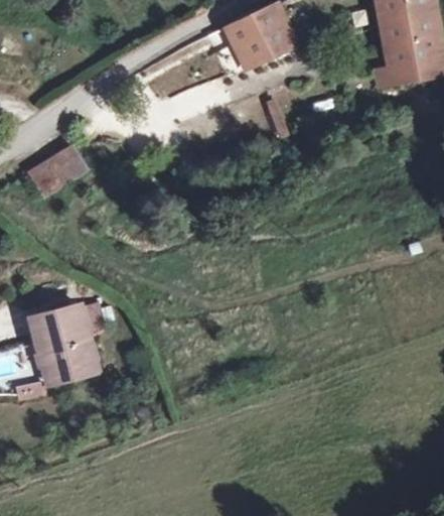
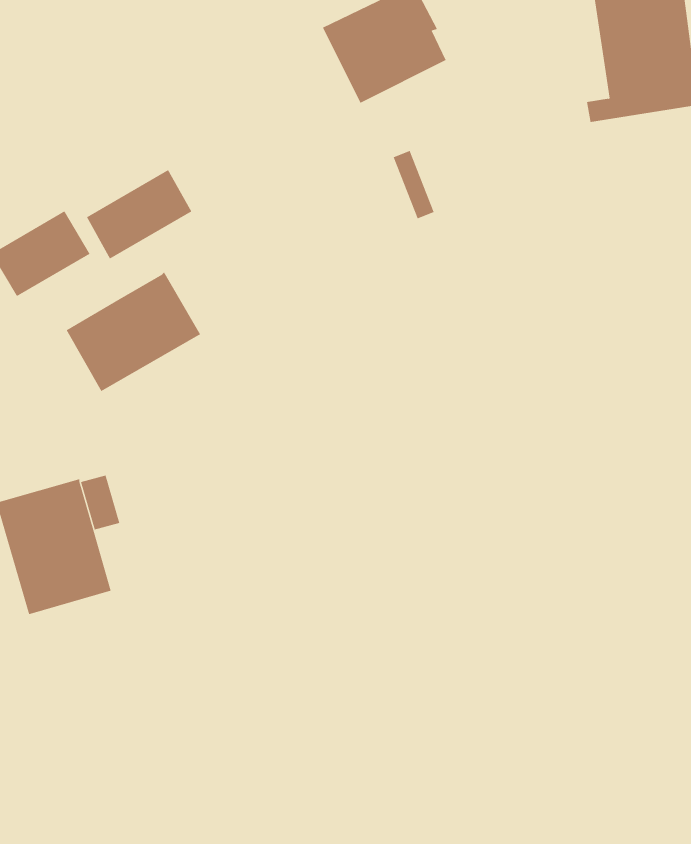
building: none -> [86,169,192,260]
building: none -> [66,272,201,392]

